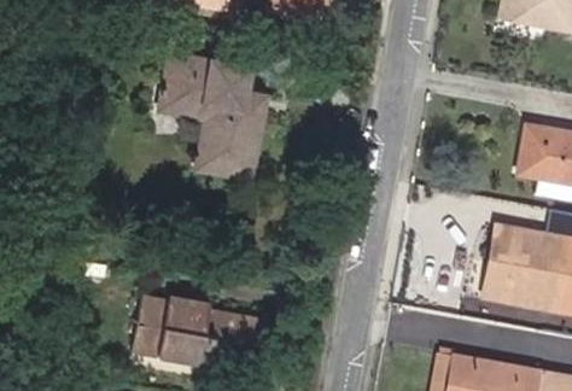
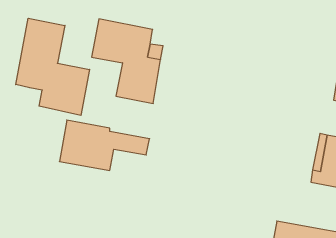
building: none -> [16,18,90,115]
building: [133,292,267,367] -> [59,120,150,170]

